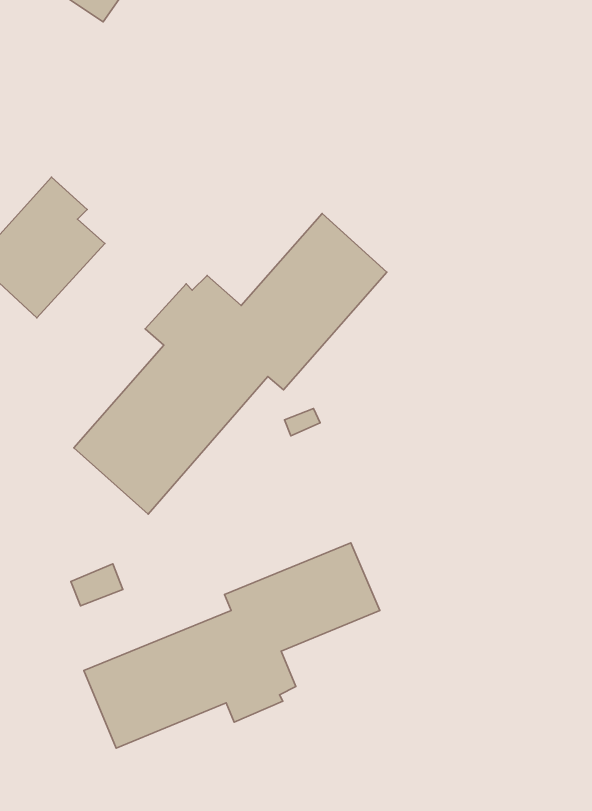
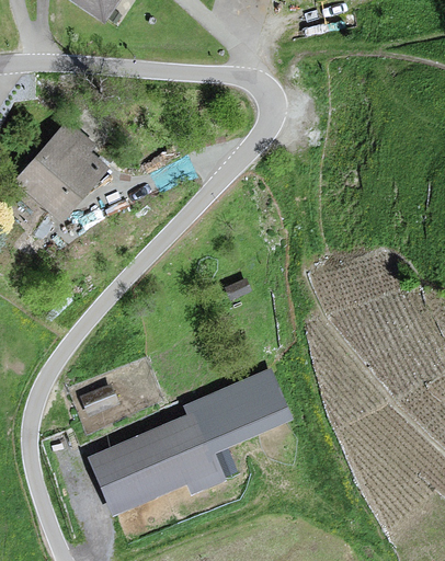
building: [74,213,387,514] -> none

